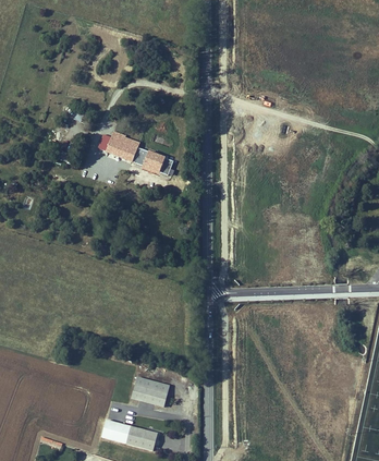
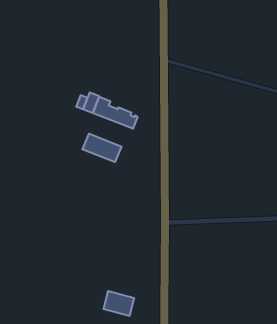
building: none -> [82,134,121,162]

